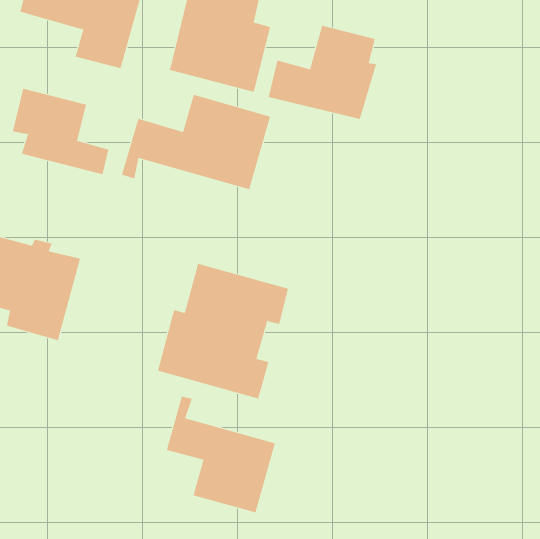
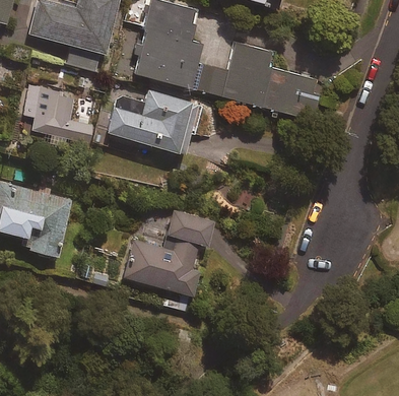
building: none -> [263,69,319,119]
building: [166,396,275,513] -> none

